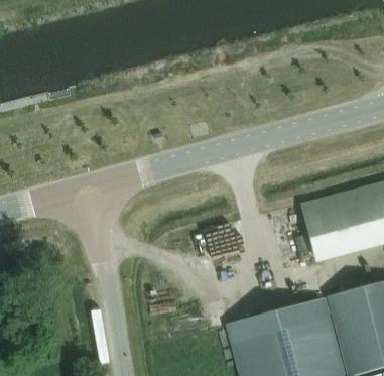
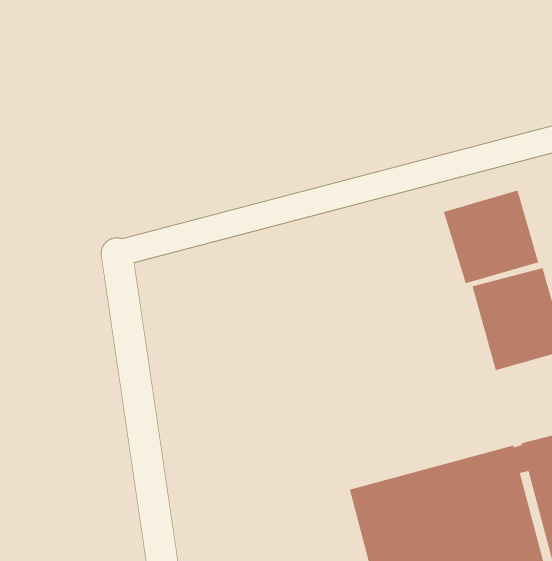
building: none -> [443,189,539,284]

